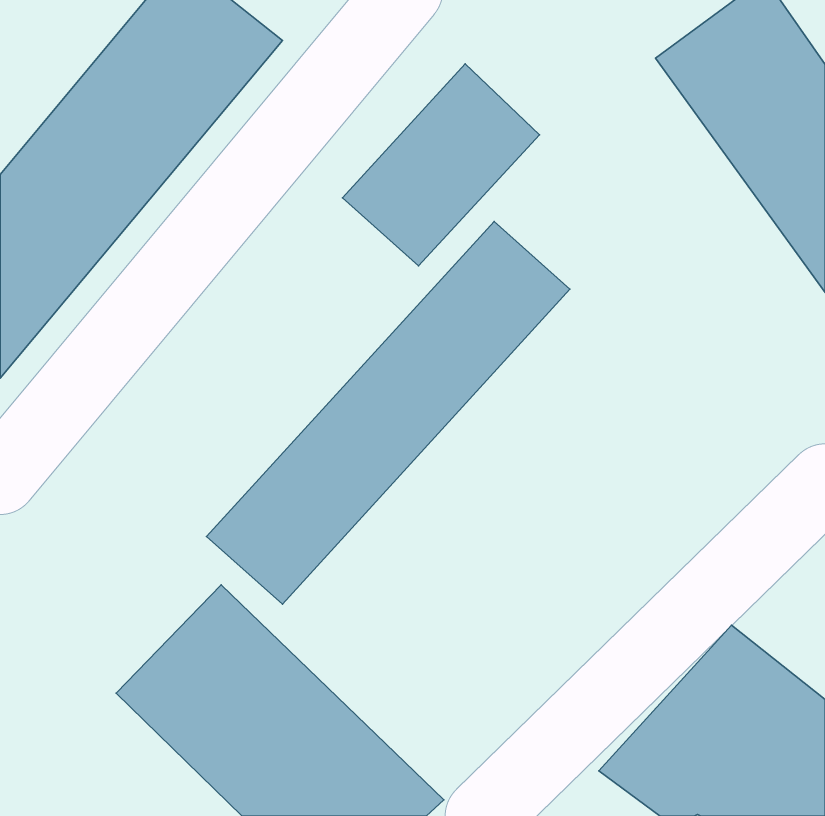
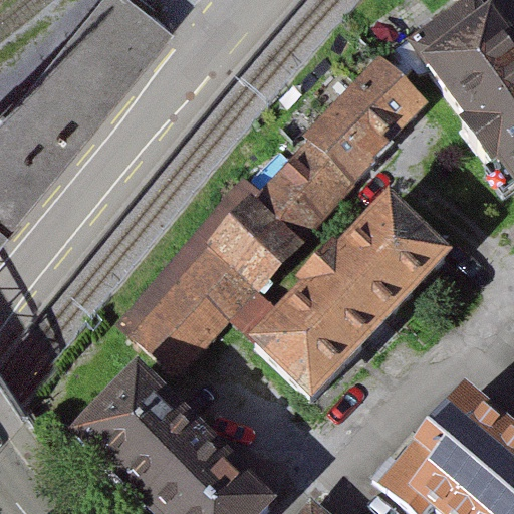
building: [343,64,539,266] -> [307,54,430,180]
building: none -> [251,193,460,406]

